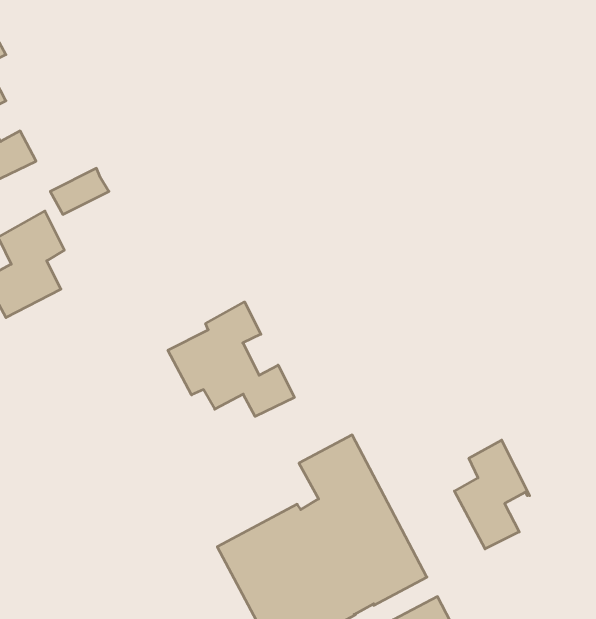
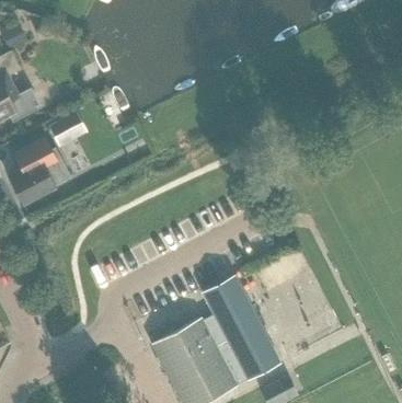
building: [168,302,294,416] -> none
building: [454,440,530,549] -> none

